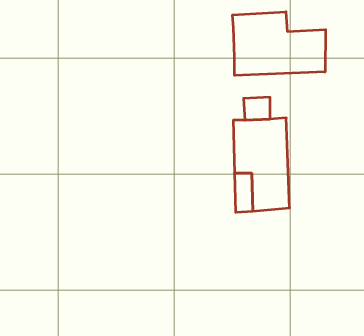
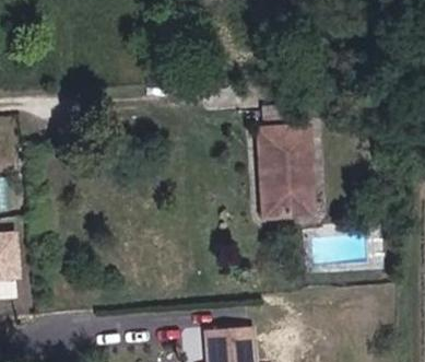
building: [233,12,326,75] -> none

